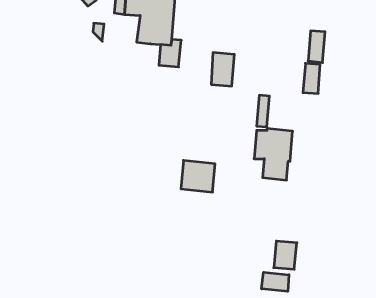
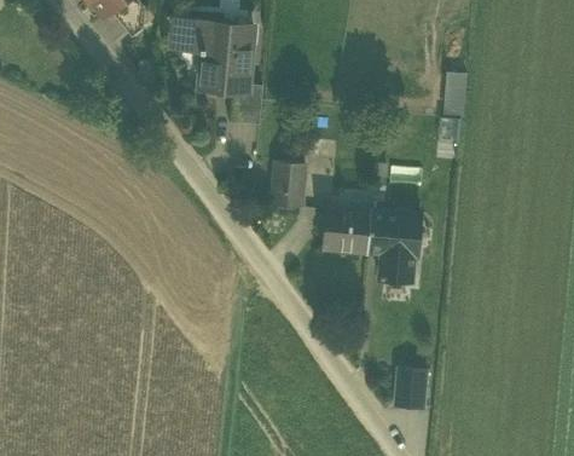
building: [211,53,234,86] -> [273,160,306,207]
building: [181,160,215,192] -> [321,207,370,252]
building: [262,272,289,291] -> none

